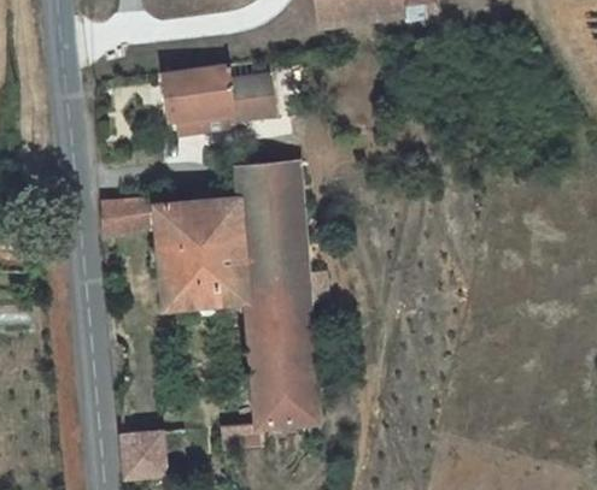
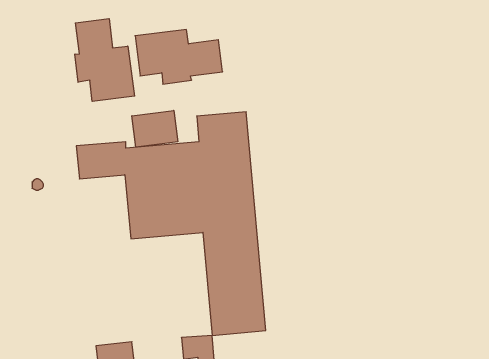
building: none -> [75,19,135,101]
building: none -> [132,110,178,147]

